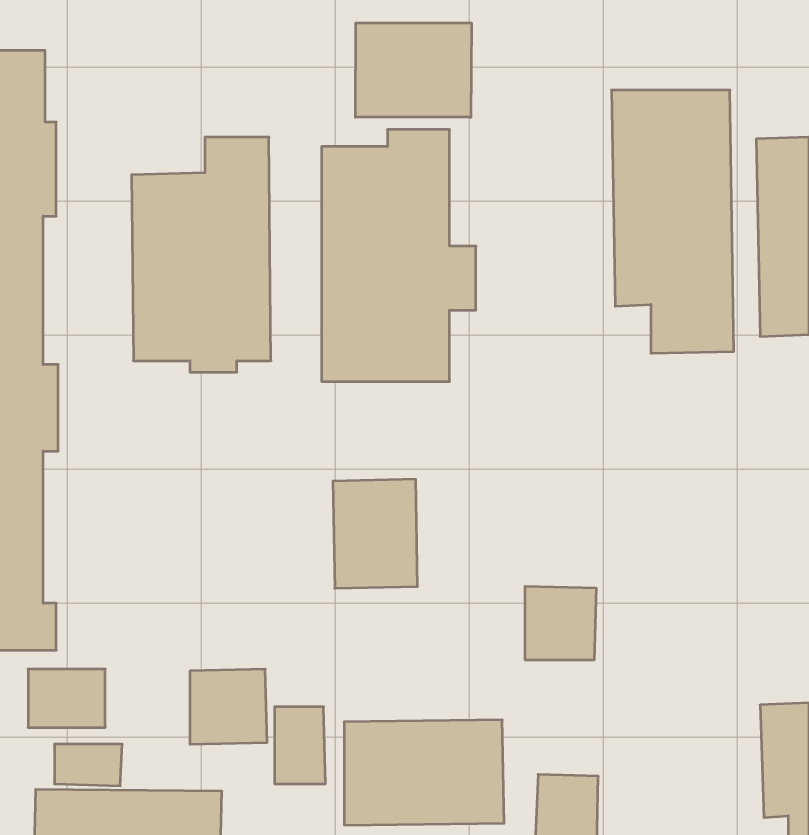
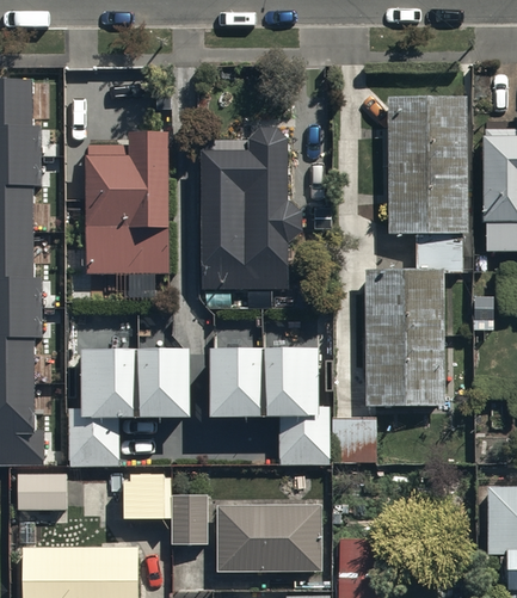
building: [355,23,471,117] -> none
building: none -> [367,273,439,411]
building: none -> [265,350,332,462]
building: none -> [72,351,192,461]

